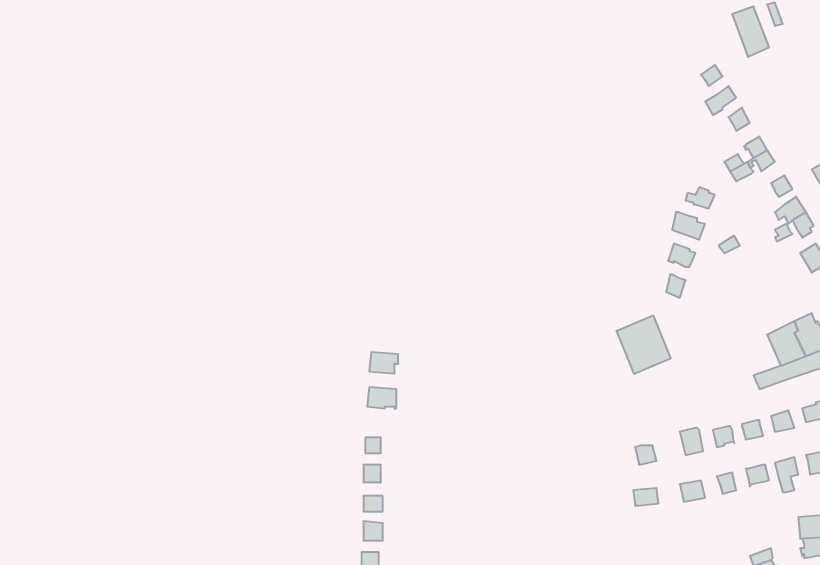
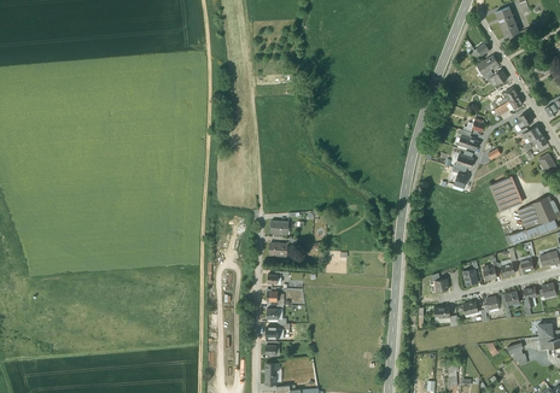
building: [616,316,671,374] -> [489,176,523,212]

